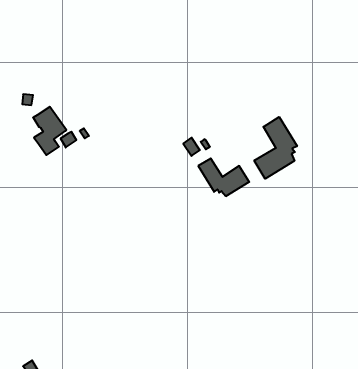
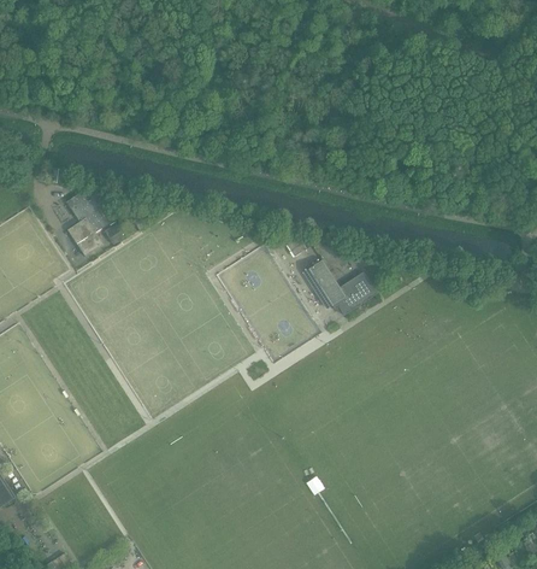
building: [254,117,297,179] -> none

